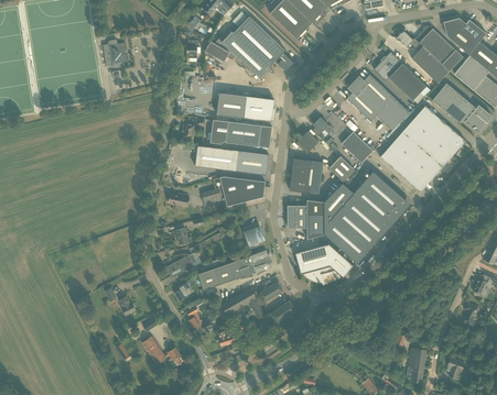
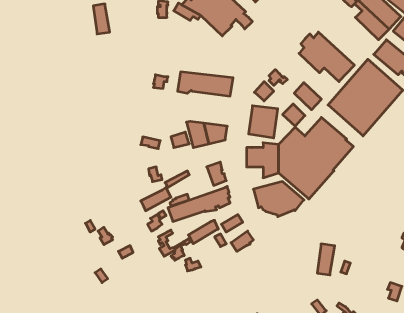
building: [374,52,426,100] -> none
building: [216,92,274,121] -> none
building: [195,145,269,175] -> none
building: [142,337,183,367] -> none
building: [407,348,426,383] -> [317,244,335,275]

